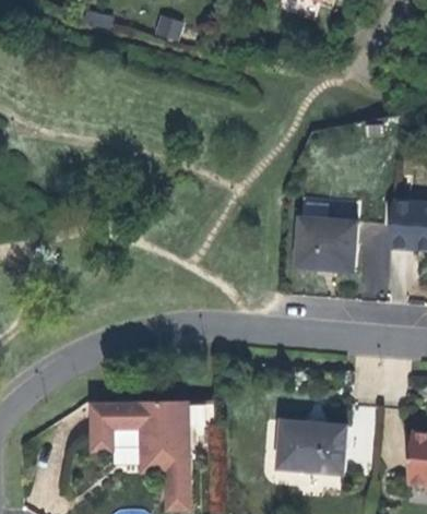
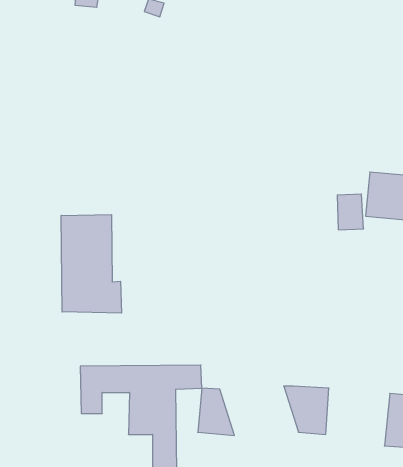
building: [295,218,354,271] -> none
building: none -> [61,215,122,313]
building: [278,421,317,470] -> [198,388,234,435]

